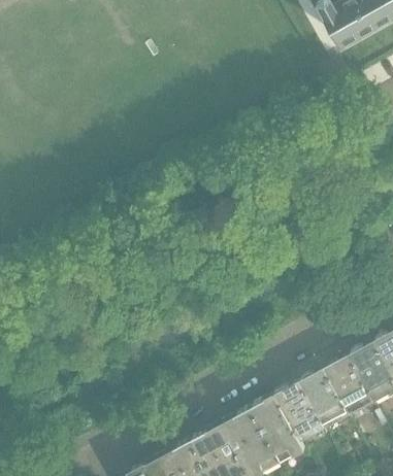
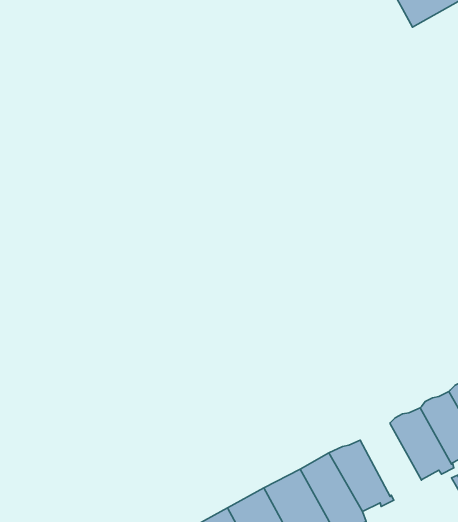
building: [300,370,353,430] -> none

